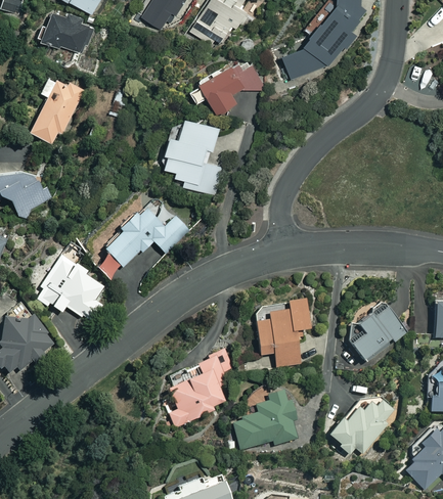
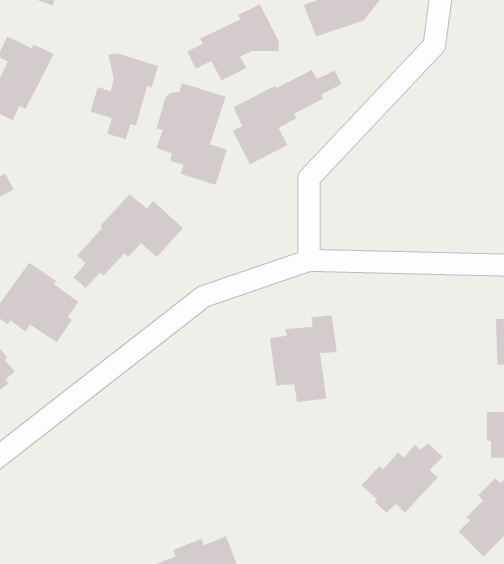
building: none -> [90,53,159,140]
building: none -> [232,69,342,165]
building: [350,304,407,363] -> none
building: [168,348,234,428] -> none
building: [232,388,299,450] -> none

